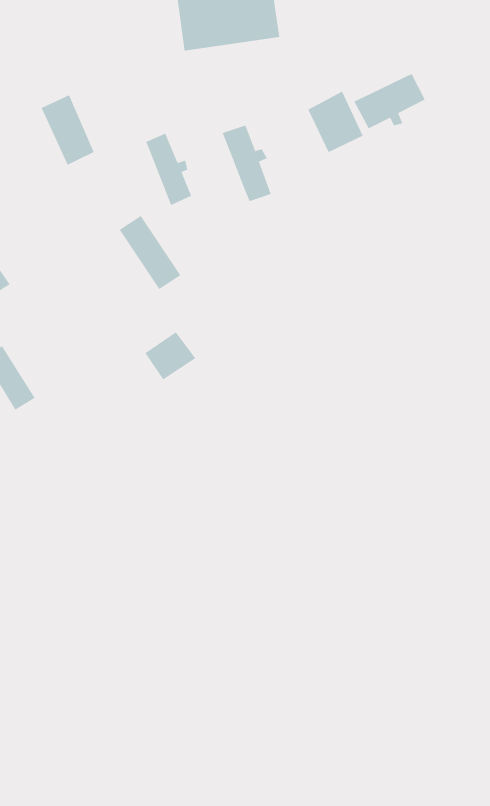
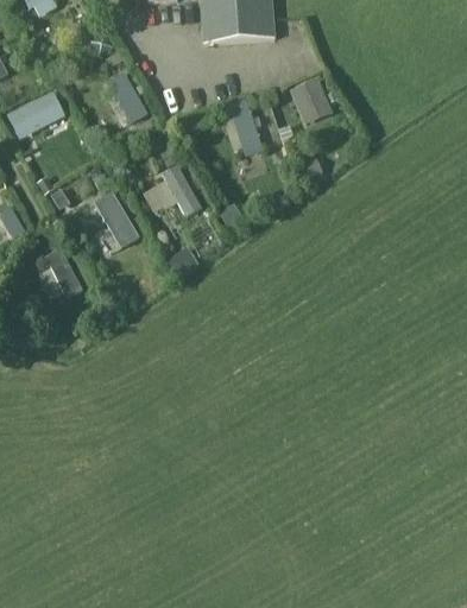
building: [353,73,425,129] -> none
building: [146,133,192,206] -> none
building: none -> [96,190,137,241]

